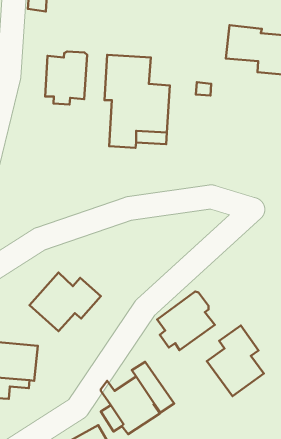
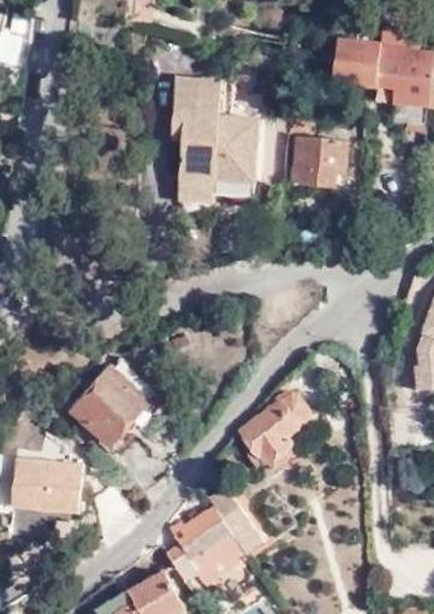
building: [45,51,87,105] -> none
building: none -> [291,136,346,185]
building: [207,325,264,396] -> none

